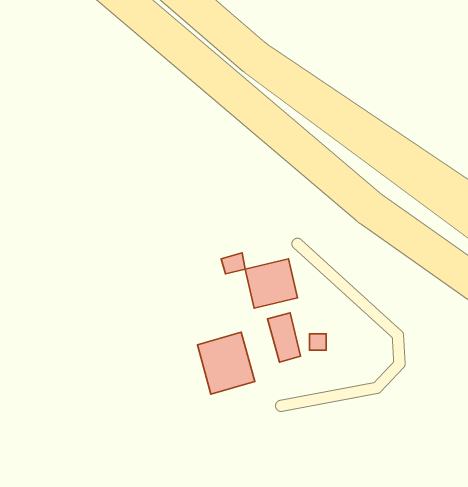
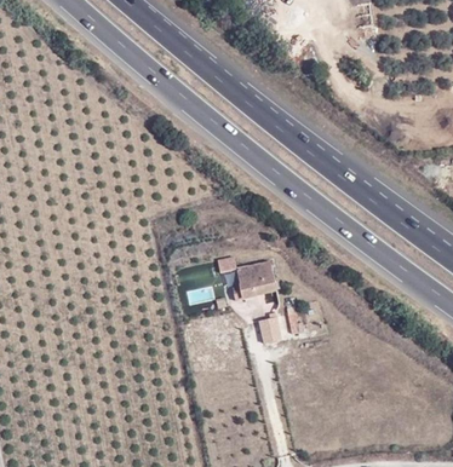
building: [197,332,255,394] -> none

